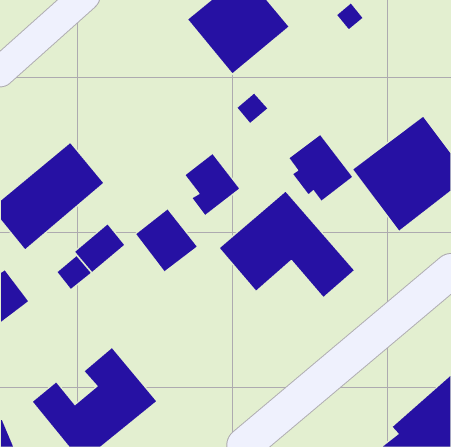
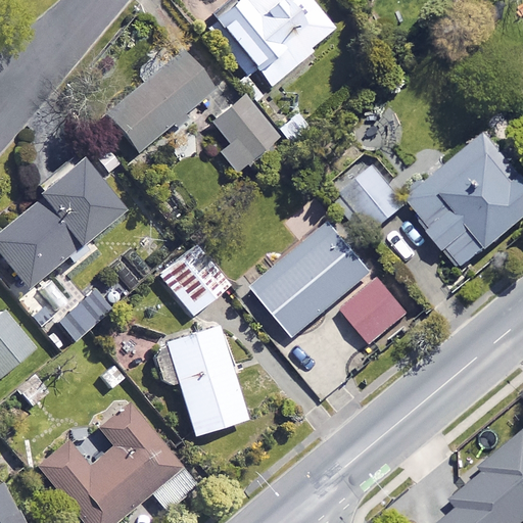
building: none -> [106,51,213,153]
building: [185,153,240,216] -> [212,96,277,169]
building: none -> [163,327,247,436]

